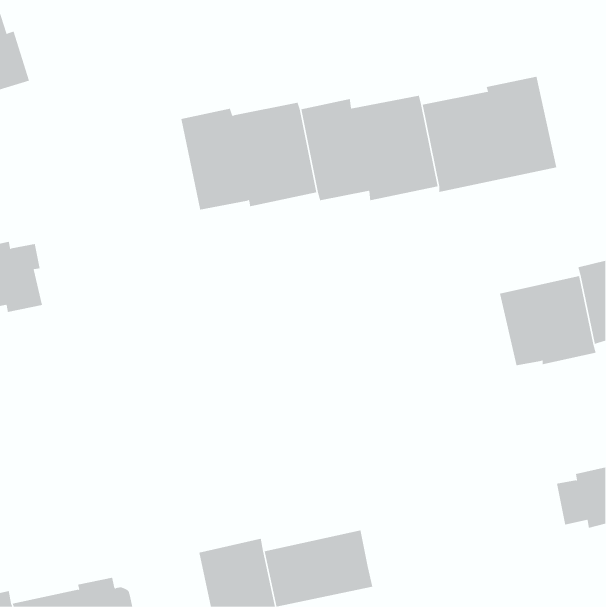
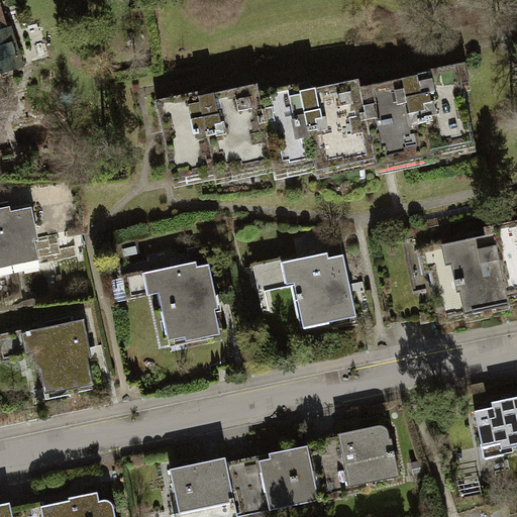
building: none -> [272,254,355,322]
building: none -> [152,257,218,343]
building: none -> [24,318,92,389]
building: none -> [307,424,396,487]

